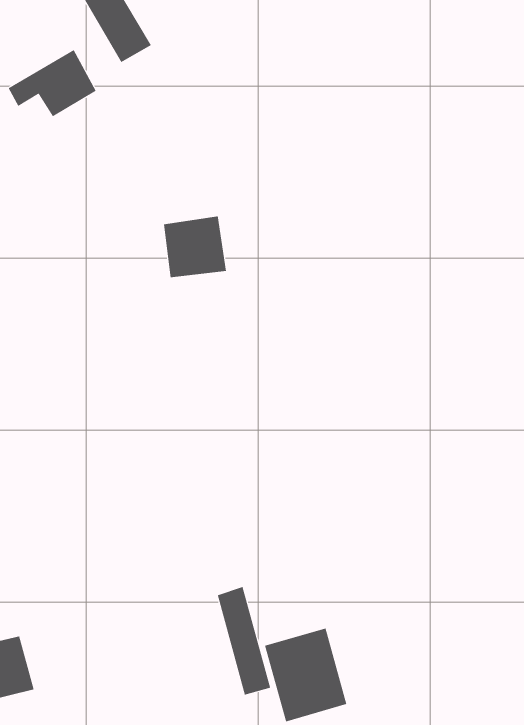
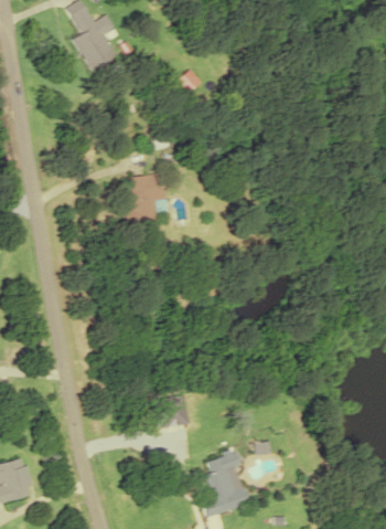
building: [8,49,96,117] -> none
building: [217,586,271,696] -> none

